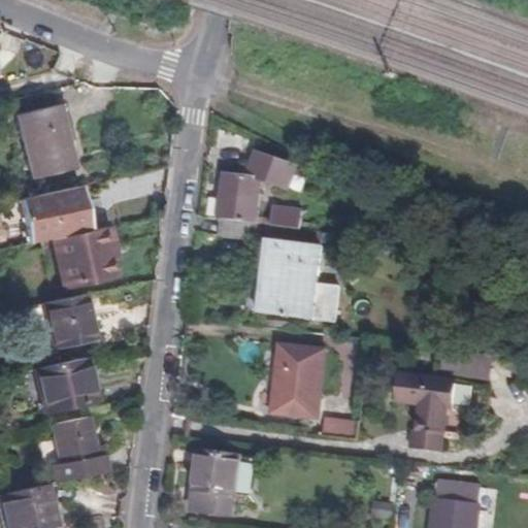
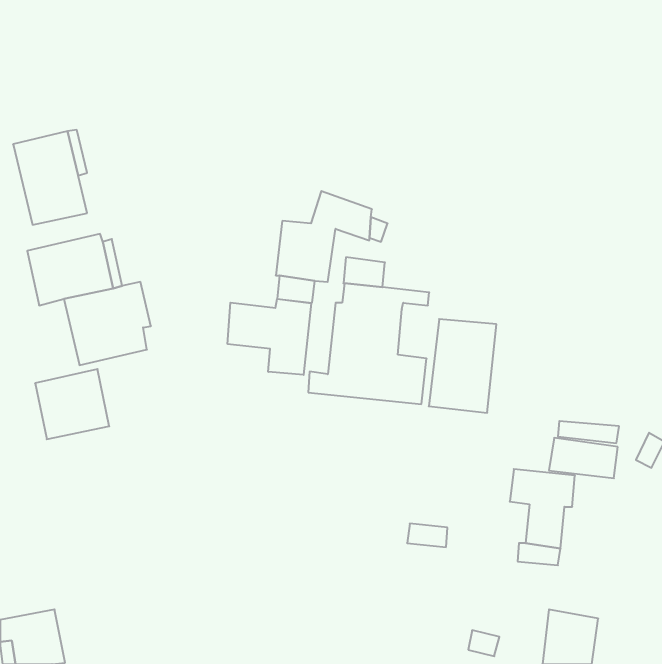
building: none -> [228,299,311,375]
building: [268,344,322,419] -> [429,319,496,413]
building: [43,355,91,408] -> none
building: [43,416,103,484] -> none
building: [188,452,238,517] -> none

